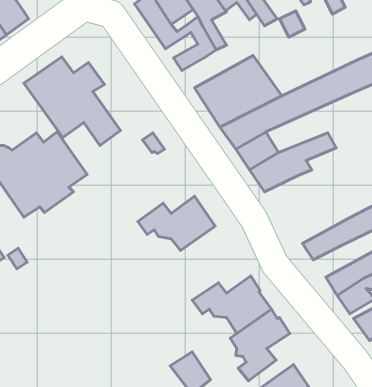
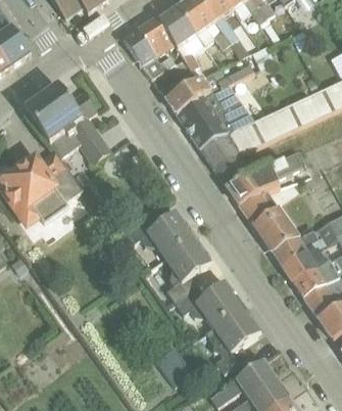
building: none -> [165,64,254,113]
building: none -> [239,191,313,252]
building: none -> [164,236,212,307]
building: none -> [282,253,317,281]

